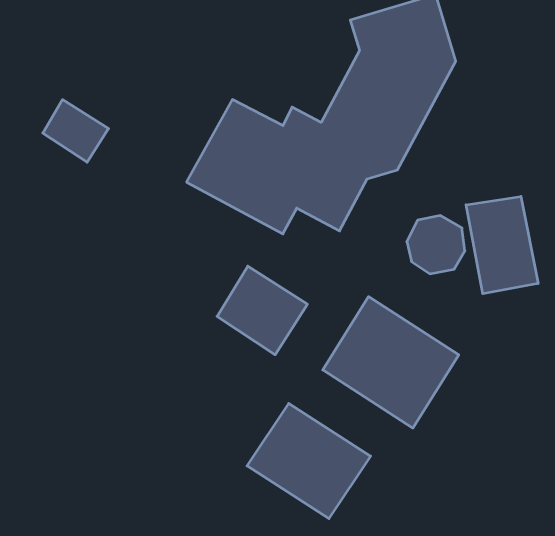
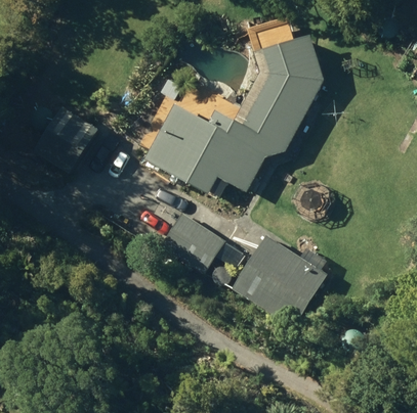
building: [466,196,538,294] -> none
building: [247,403,371,519] -> none

